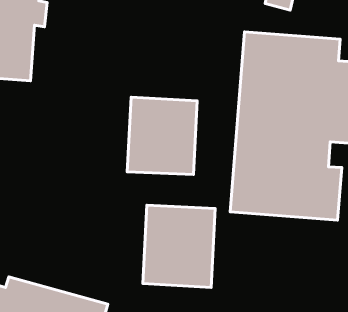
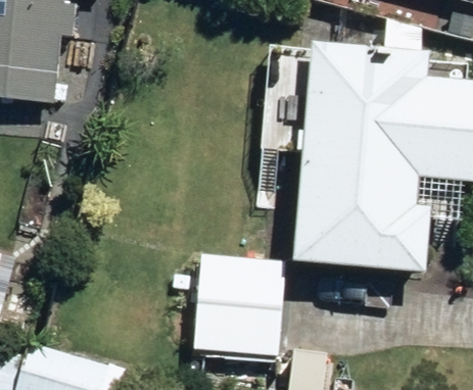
building: [127,97,197,175] -> none

